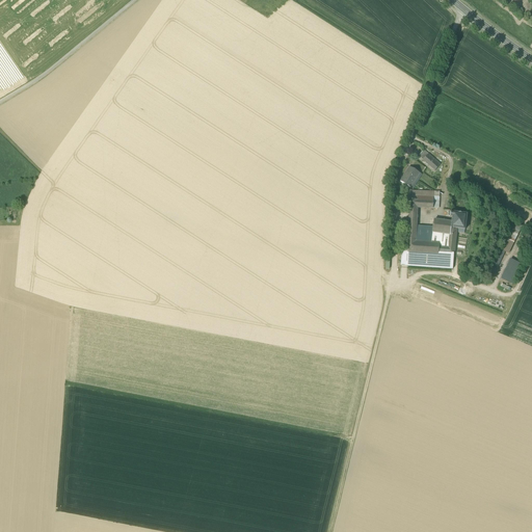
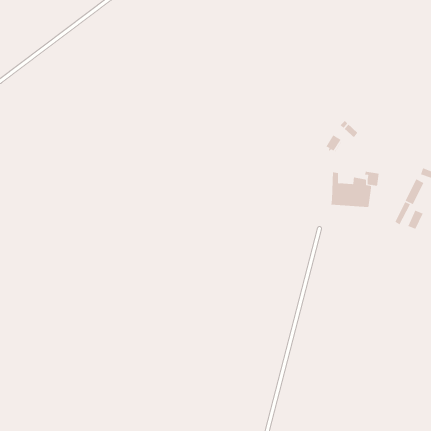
building: [410,190,441,208] -> none
building: [401,244,454,267] -> none

